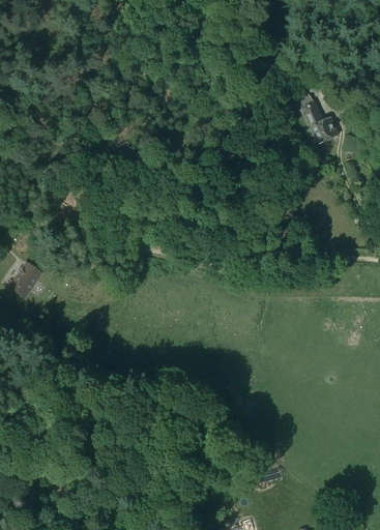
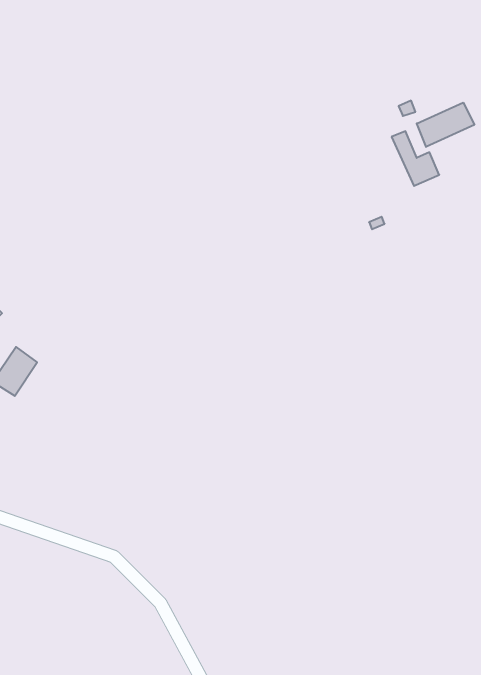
building: none -> [417,103,474,147]

